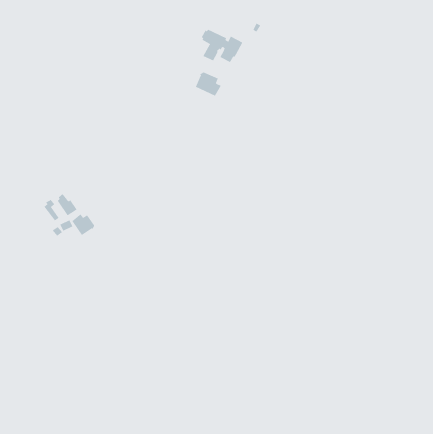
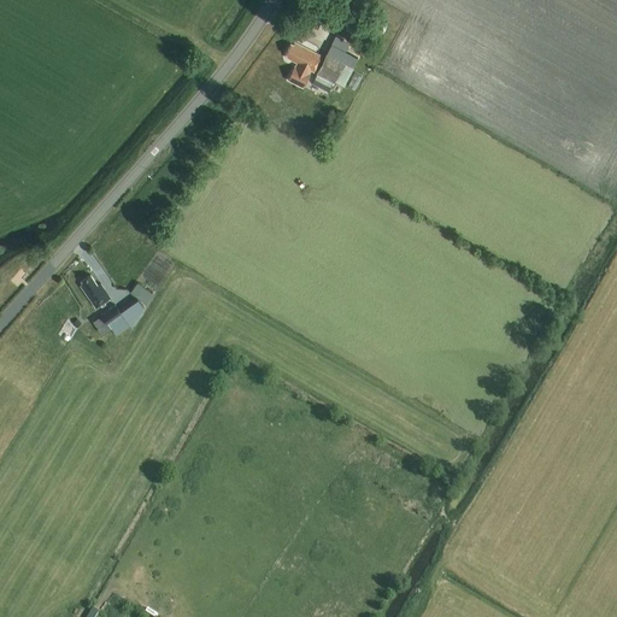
building: [195,71,221,96] -> none

